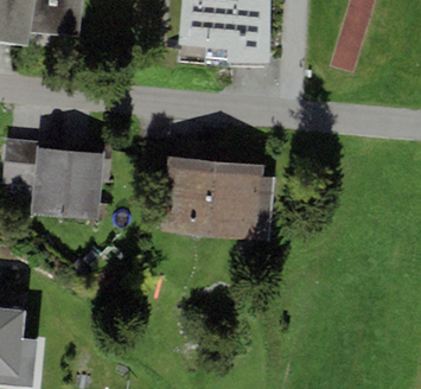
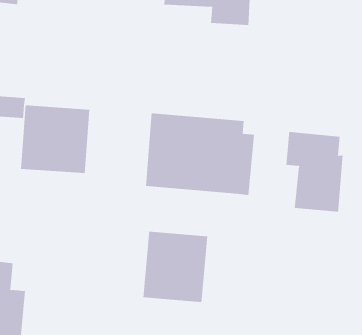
building: none -> [286,131,343,212]
building: none -> [143,231,208,303]

